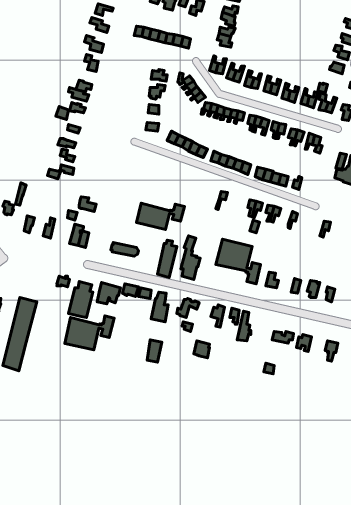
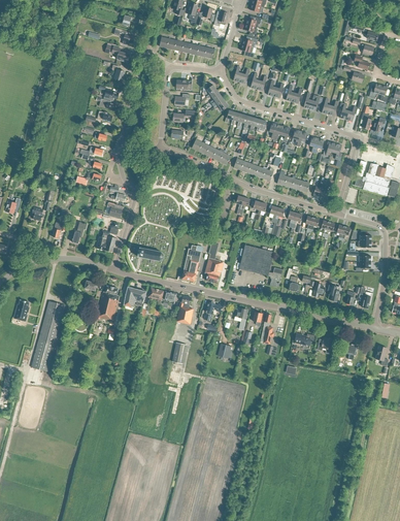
building: [136,203,184,230] -> none
building: [65,316,114,350] -> none

